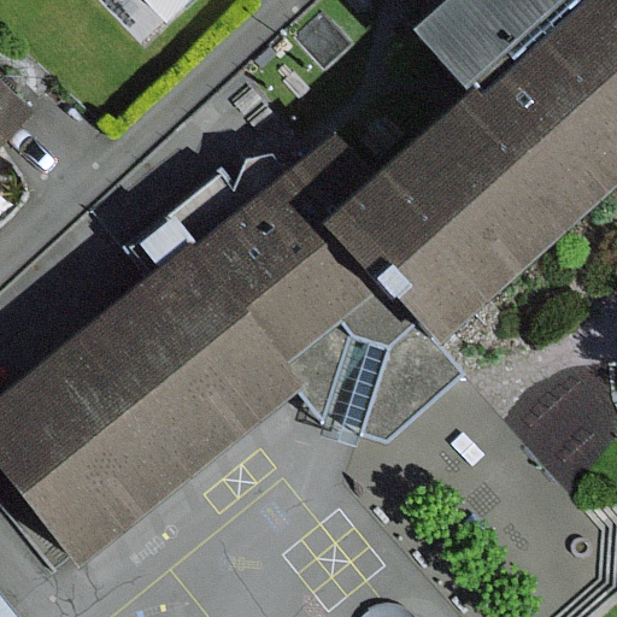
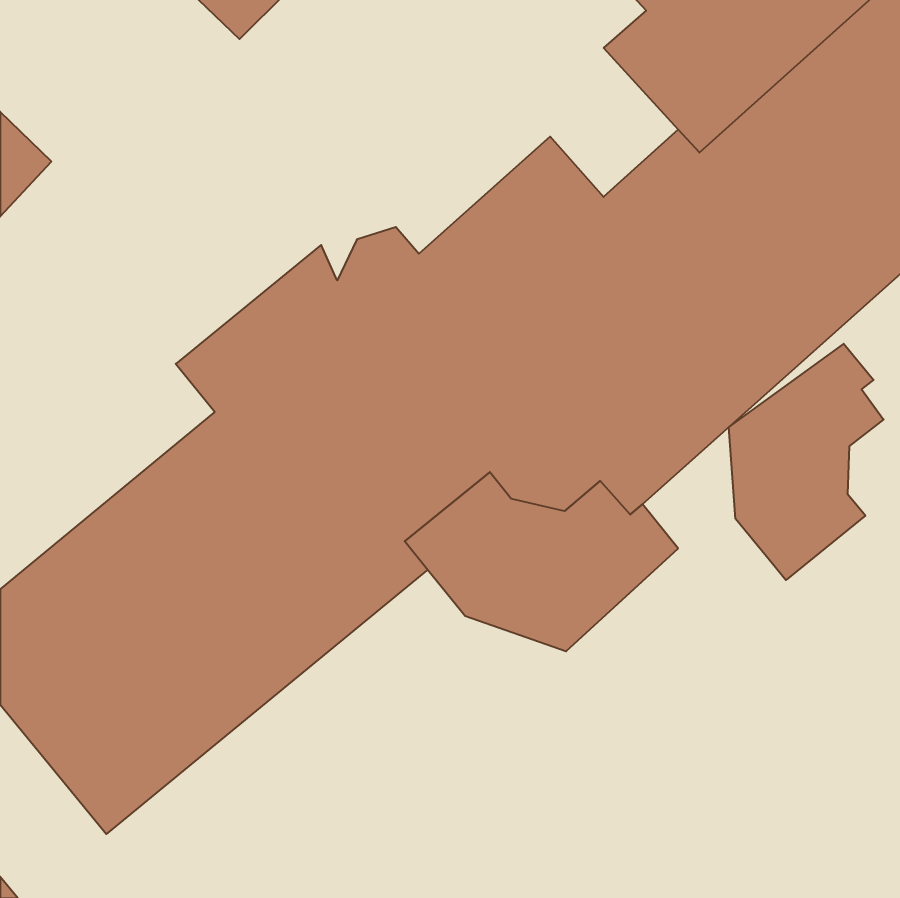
building: none -> [729,344,884,580]

